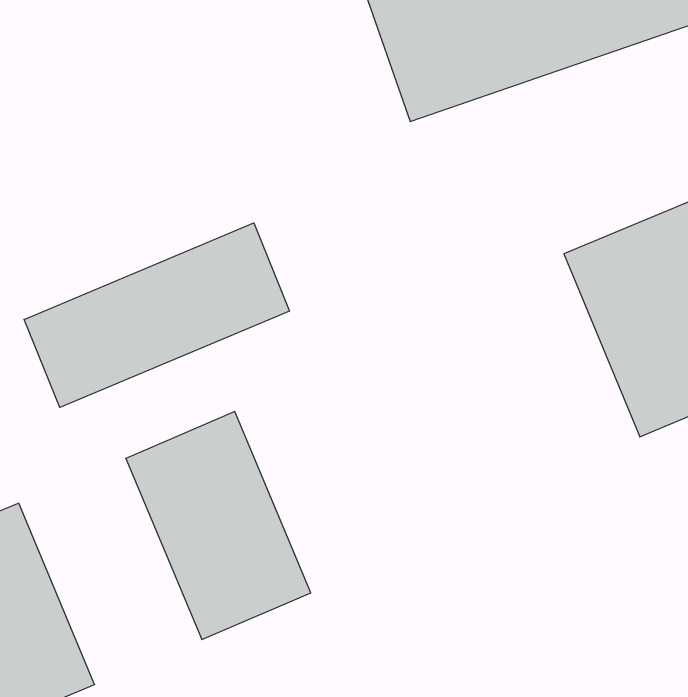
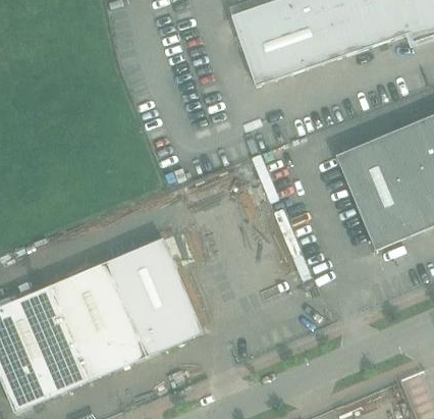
building: [24,223,290,407] -> none
building: none -> [51,261,147,379]

